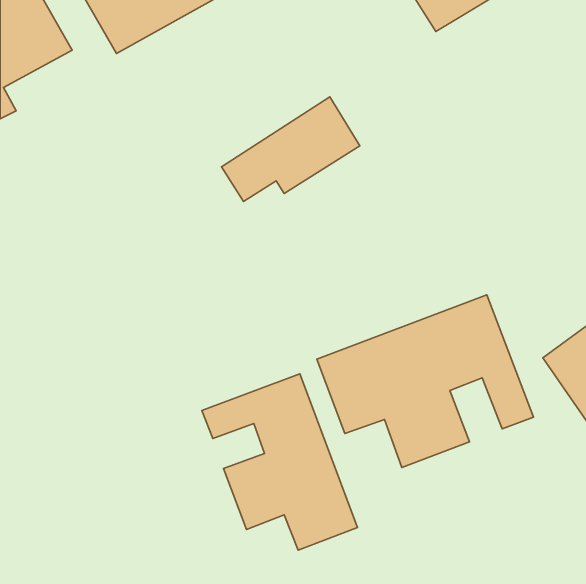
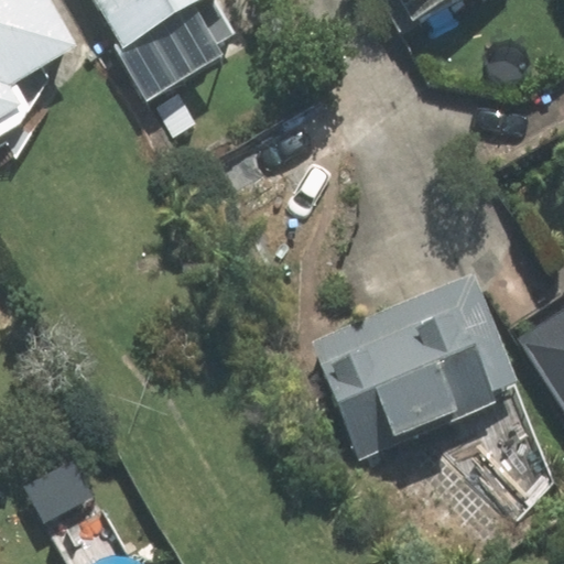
building: [202,374,358,550] -> none

